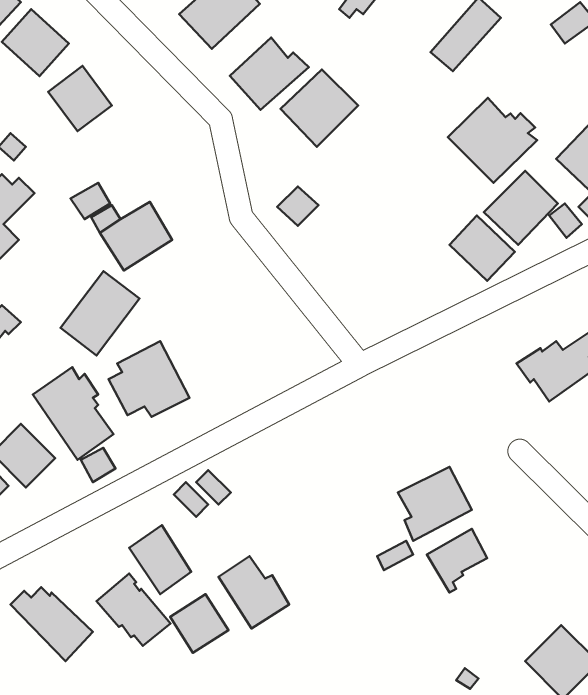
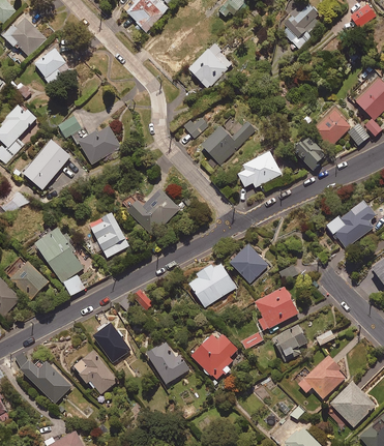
building: [230,38,309,110] -> none
building: [448,98,537,183] -> none
building: none -> [196,126,252,170]
building: none -> [235,154,277,190]
building: [60,271,140,355] -> [20,142,67,192]
building: none -> [126,187,179,234]
building: none -> [230,243,268,281]
building: none -> [188,259,235,305]
building: none -> [191,328,238,378]
building: none -> [298,354,346,397]
building: [170,594,228,653] -> none

